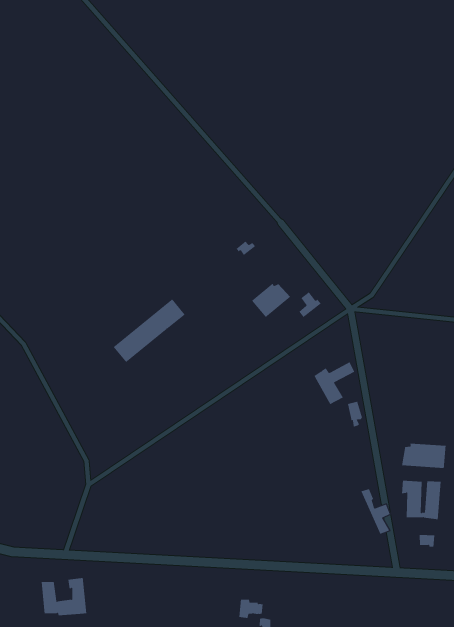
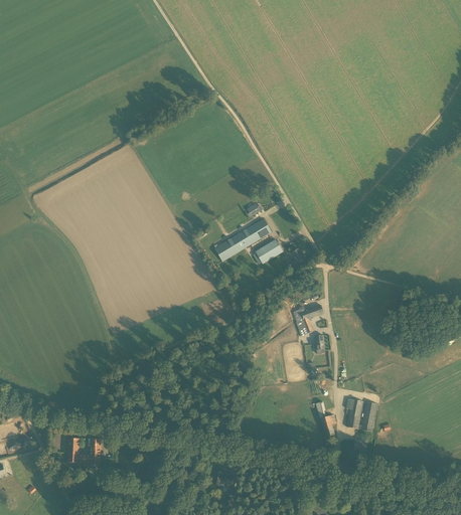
building: [113,299,185,363] -> [213,218,271,262]
building: [402,443,446,469] -> none

